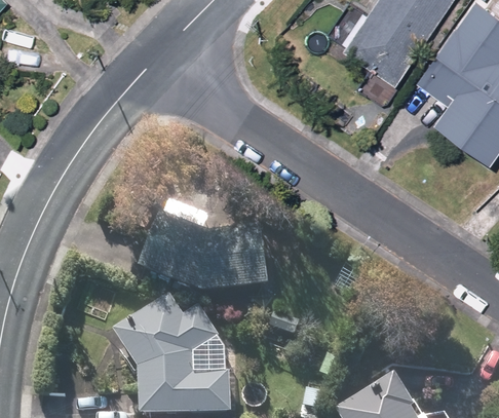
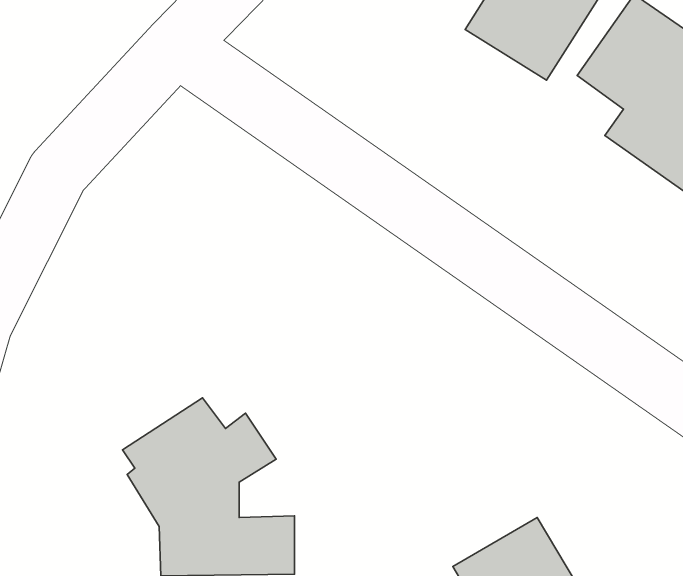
building: [140,213,271,293] -> none

